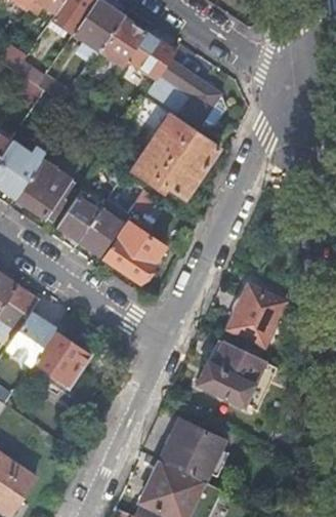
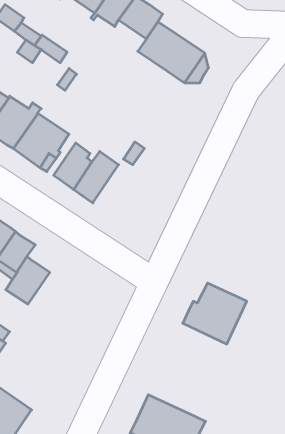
building: [133,114,218,196] -> none
building: [106,222,166,282] -> none
building: [229,285,284,345] -> none
building: [32,329,91,387] -> none
building: [160,417,224,481] -> none

